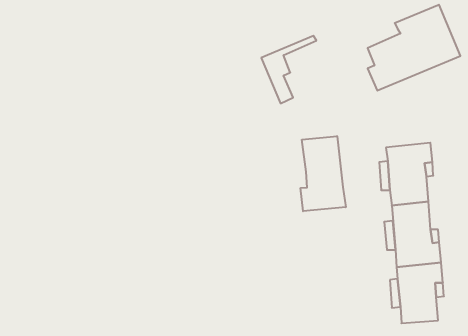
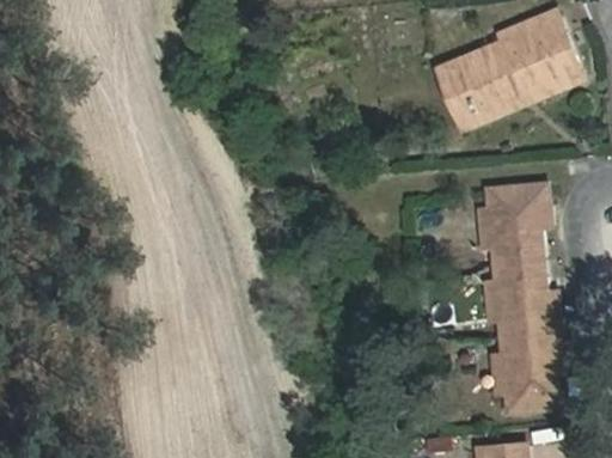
building: [261,36,316,103] -> [436,41,504,124]
building: [301,136,346,211] -> none

